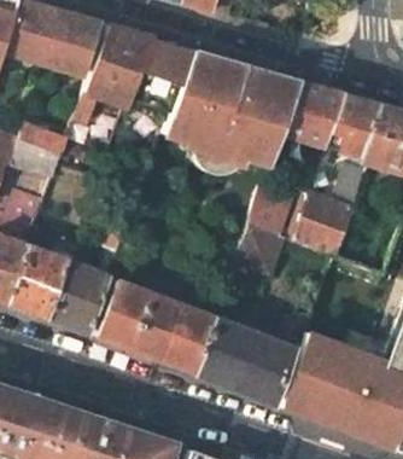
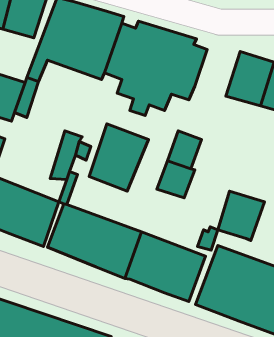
building: [279,81,335,147] -> none
building: none -> [89,124,148,191]
building: [293,196,351,257] -> [218,191,264,241]

